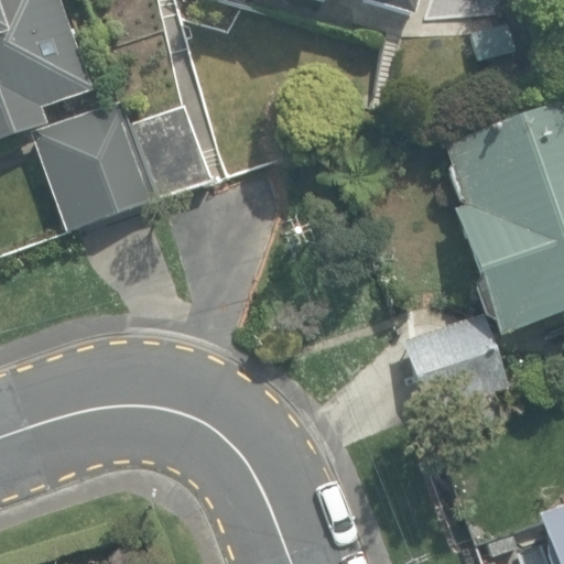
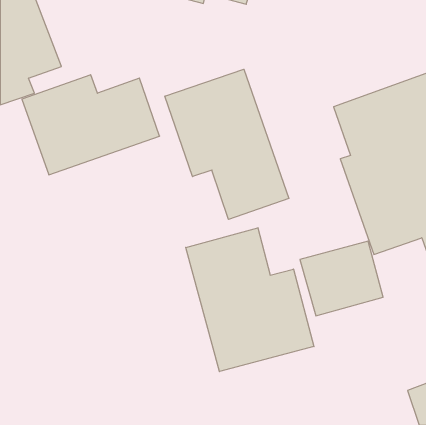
building: none -> [165,69,289,219]
building: none -> [186,228,314,372]

